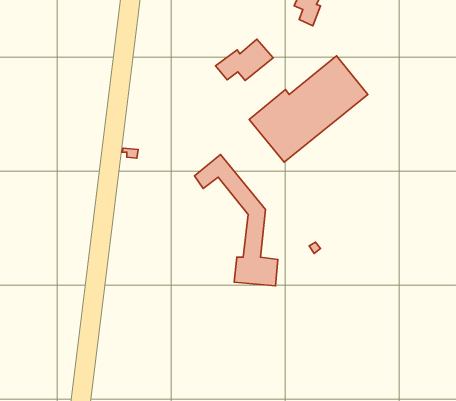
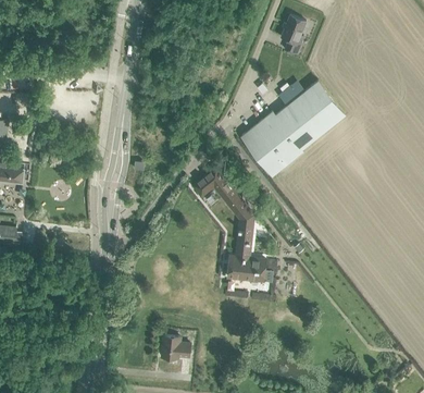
building: [215,39,273,81] -> none
building: none -> [161,337,190,361]

